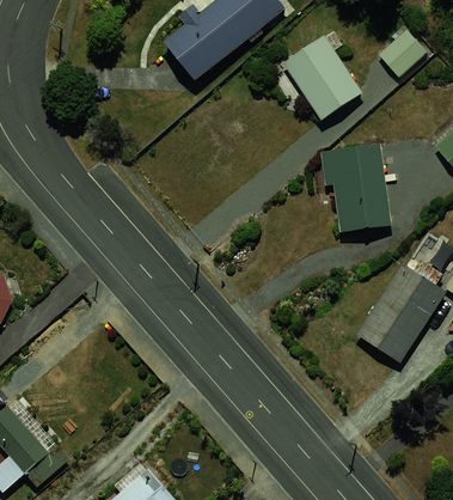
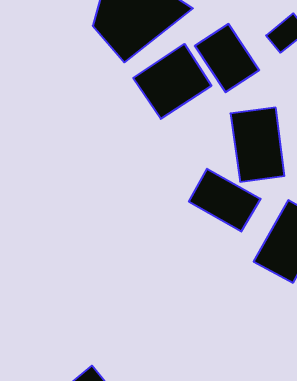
building: none -> [133,44,211,119]
building: none -> [189,169,261,232]

